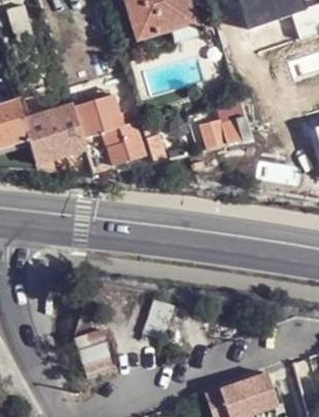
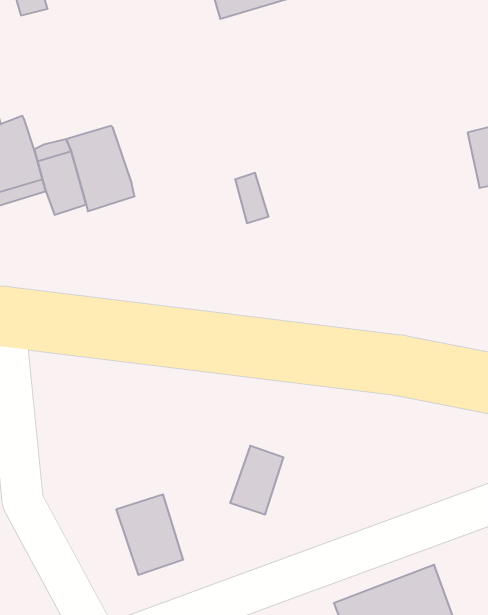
building: [71,92,144,164] -> none
building: [199,114,252,146] -> none

